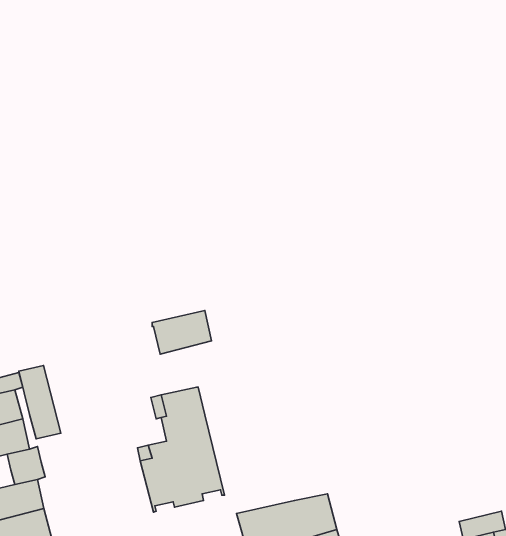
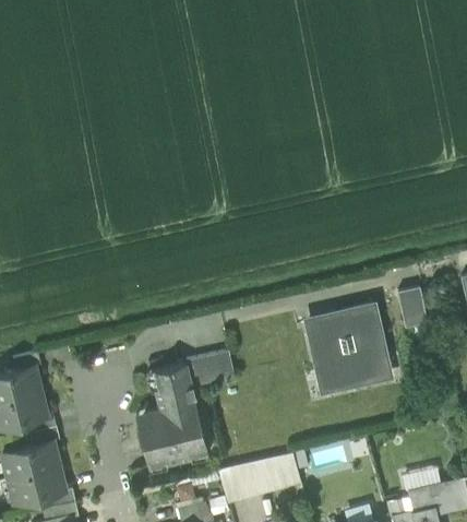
building: none -> [397,288,427,329]
building: [152,311,212,354] -> [184,352,234,388]
building: none -> [308,306,388,389]
building: [19,365,61,439] -> none

